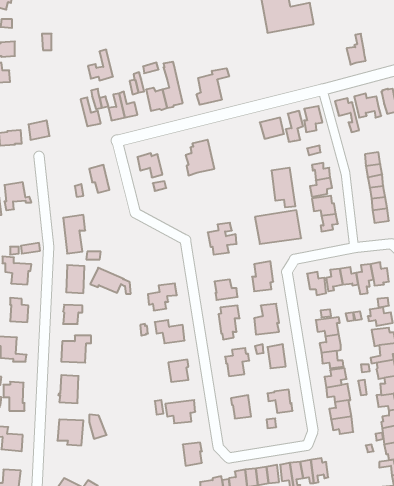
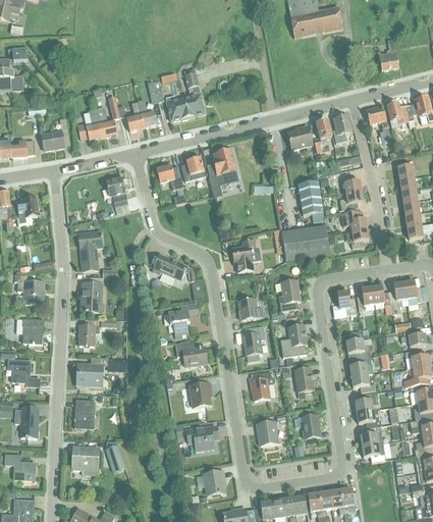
building: [88,50,113,80] -> [77,107,104,140]
building: [197,68,229,105] -> none
building: none -> [181,157,206,181]
building: [90,268,131,294] -> [152,253,195,280]

